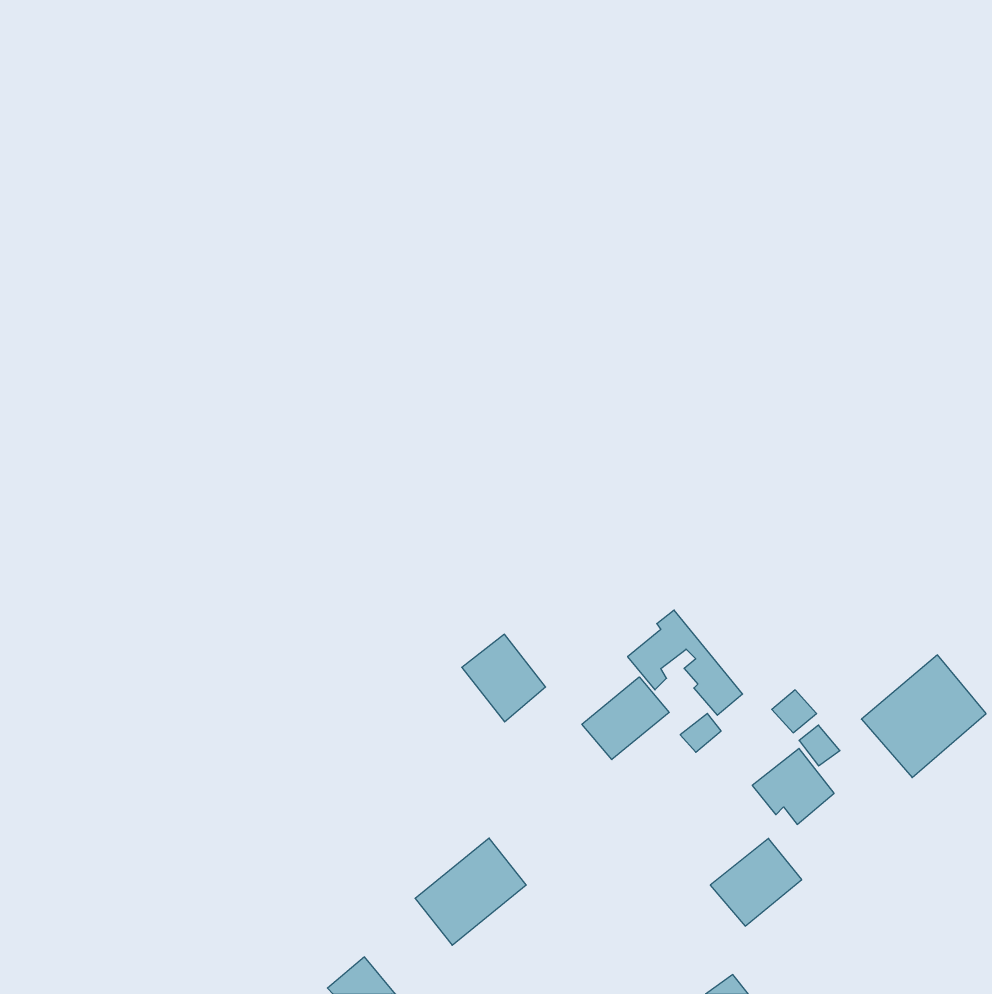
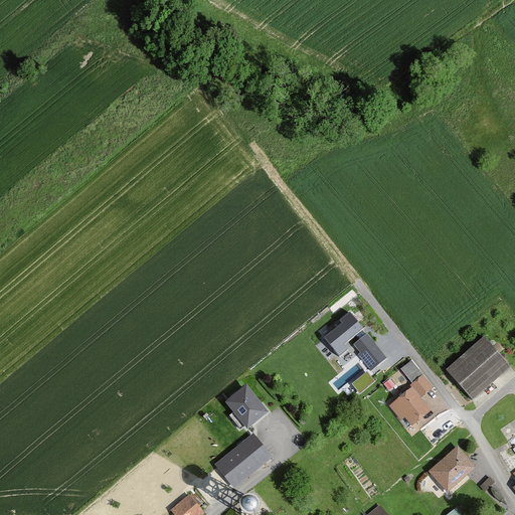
building: [462,634,546,722] -> [225,384,269,430]
building: [582,677,669,760] -> none
building: [710,838,802,926] -> [430,447,477,492]

